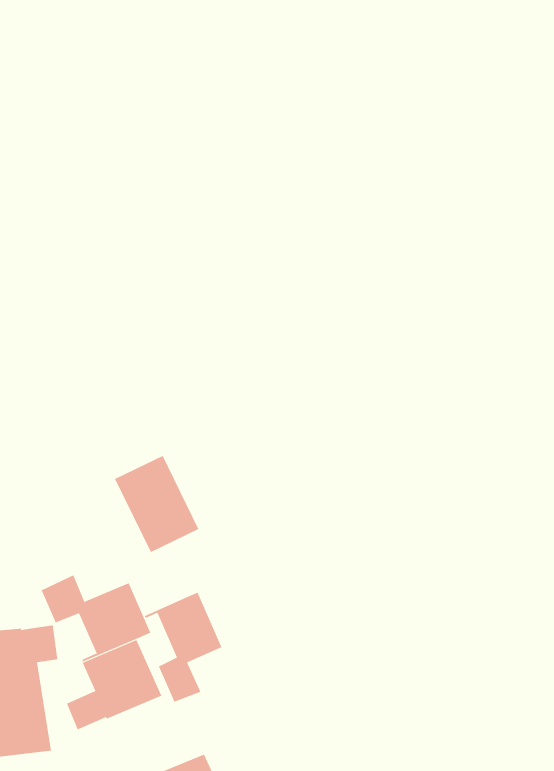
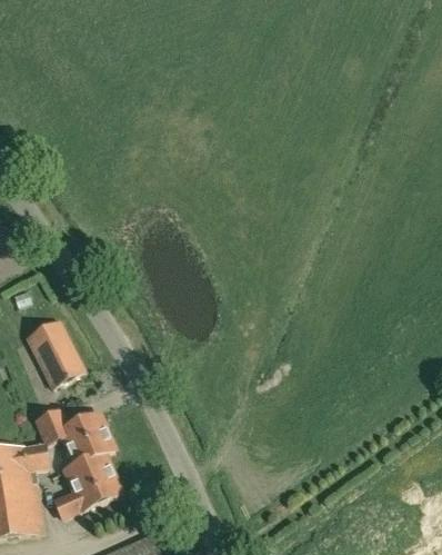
building: [114,455,199,553] -> [26,318,86,387]
building: [144,592,222,702] -> none

